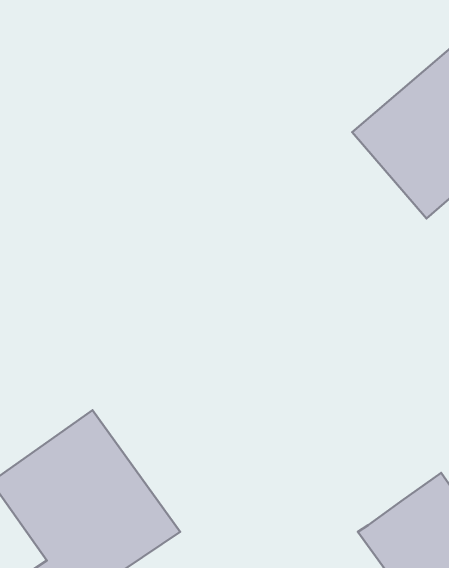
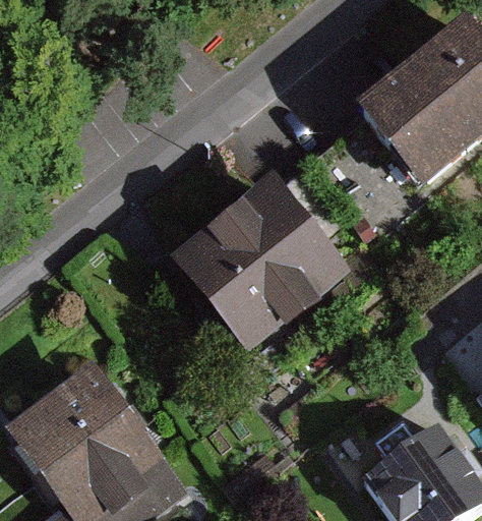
building: none -> [178,179,332,331]

